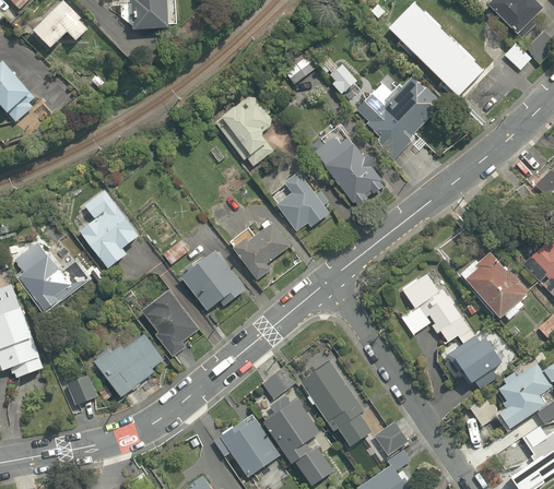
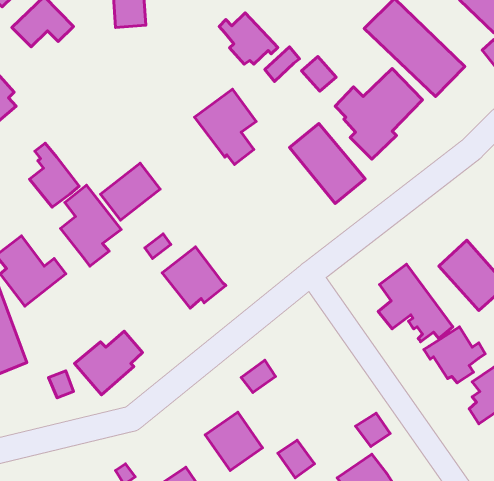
building: none -> [219,13,278,64]
building: none -> [29,143,79,207]
building: none -> [100,163,160,220]
building: [274,172,329,232] -> none
building: [235,225,288,281] -> none
building: [139,289,199,358] -> none
building: [303,358,372,442] -> none
building: [262,396,322,462] -> none

